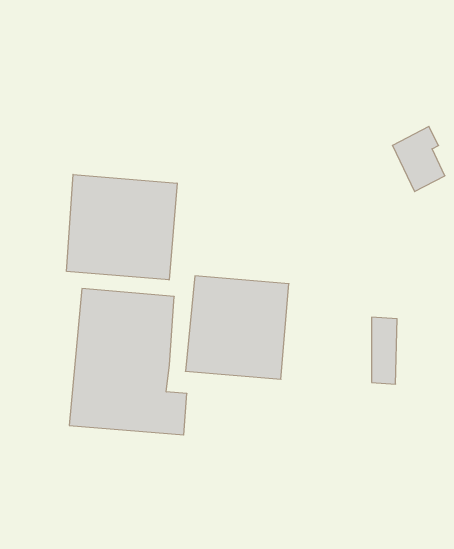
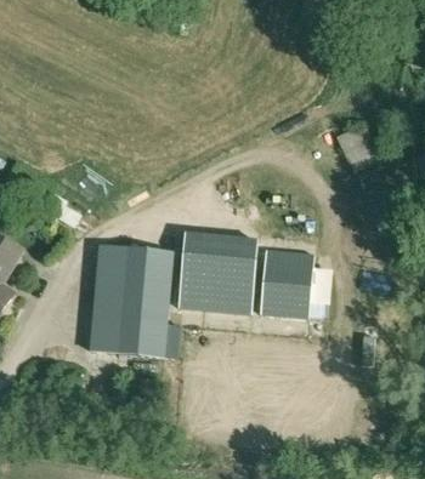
building: [67,174,177,280] -> none
building: none -> [260,251,314,319]

